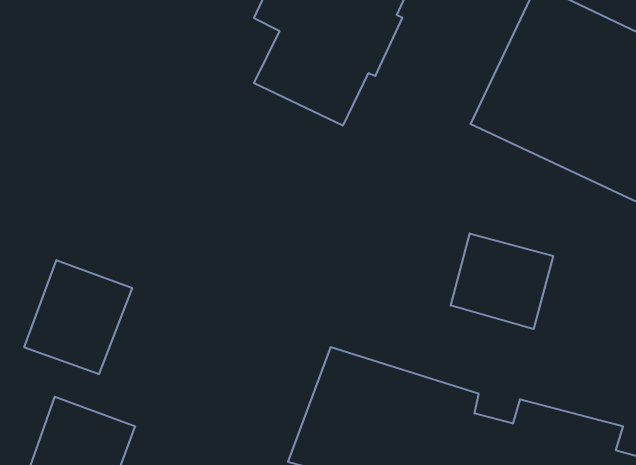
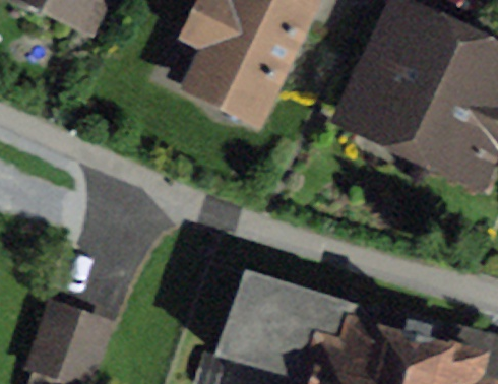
building: [451,233,553,329] -> none
building: [24,260,132,374] -> none

